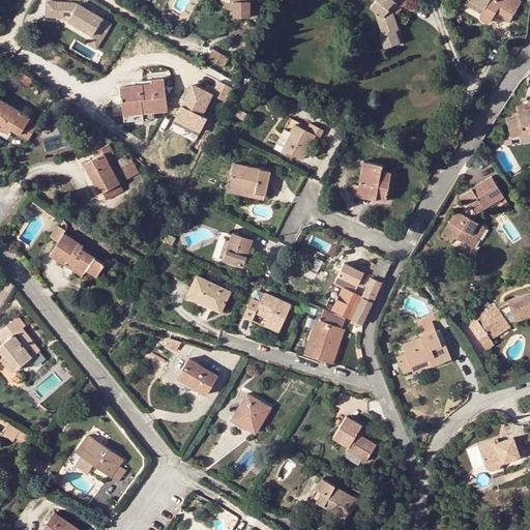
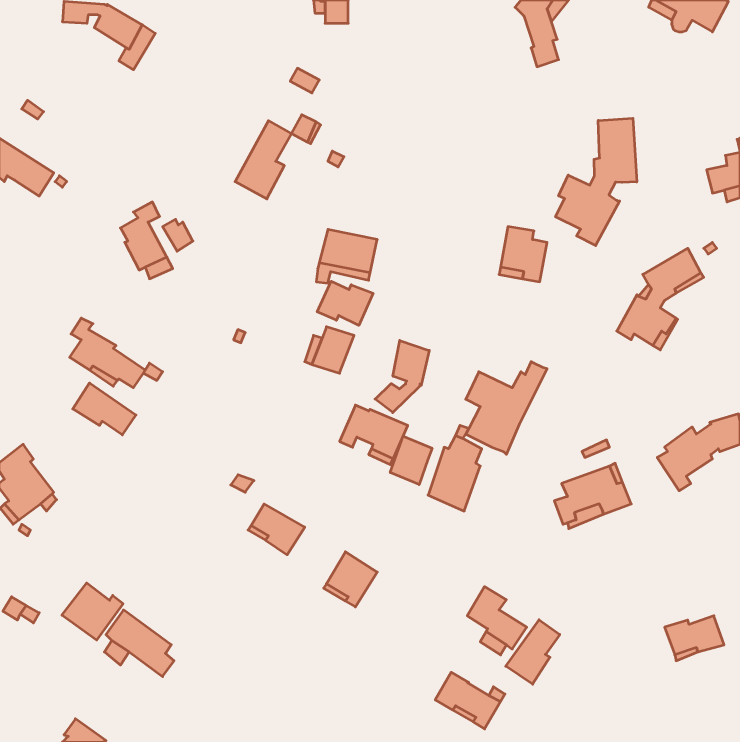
building: [120,80,166,122] -> none
building: none -> [556,118,637,246]
building: [273,118,322,159] -> none
building: none -> [317,281,373,325]
building: none -> [375,340,429,413]
building: none -> [73,383,136,435]
building: [187,275,229,312] -> none
building: none -> [390,436,432,485]
building: none -> [62,583,123,640]
building: none -> [506,620,560,684]

